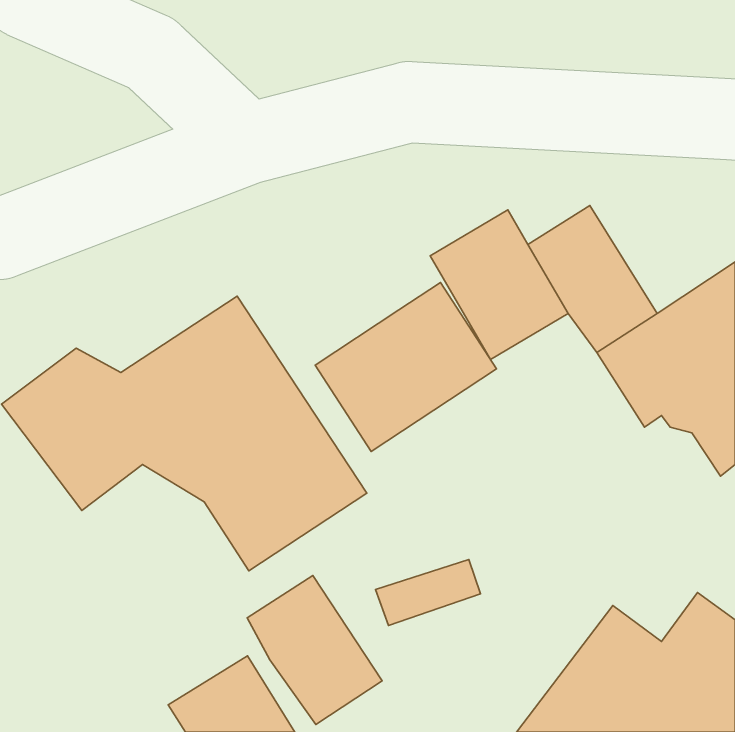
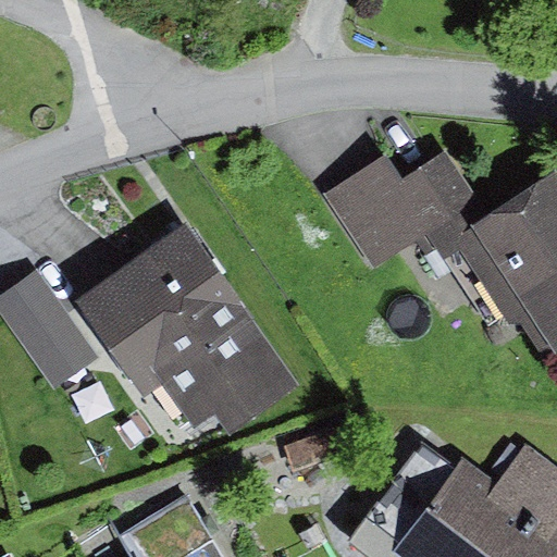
building: [315,282,497,451] -> none
building: [247,575,382,724] -> none

